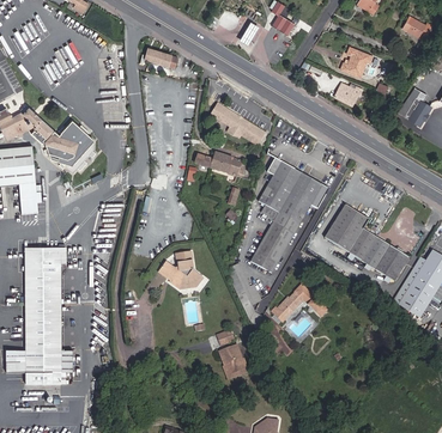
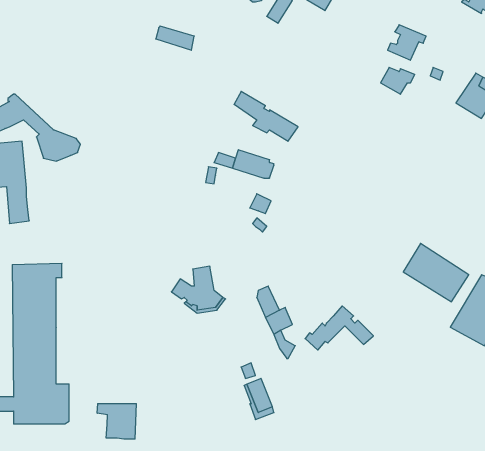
building: [250,157,329,273] -> none
building: [325,205,368,255] -> none
building: none -> [97,404,136,439]

